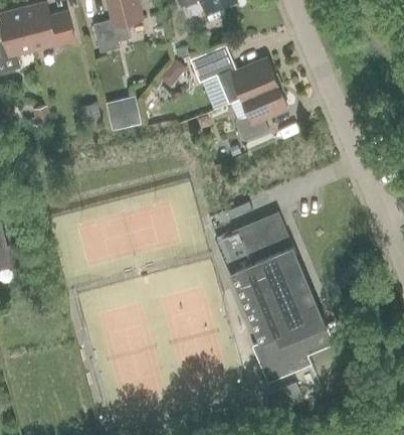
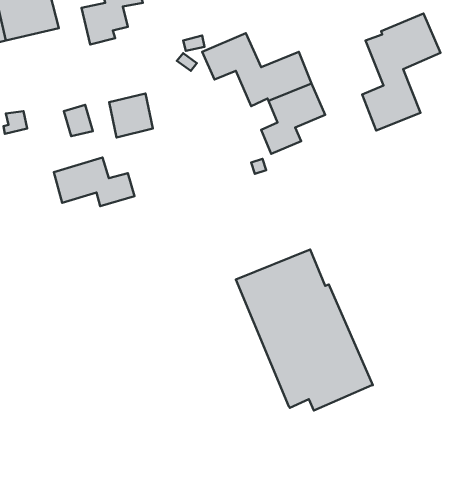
building: none -> [362,13,440,131]
building: none -> [54,158,135,206]
building: [251,326,333,384] -> none

